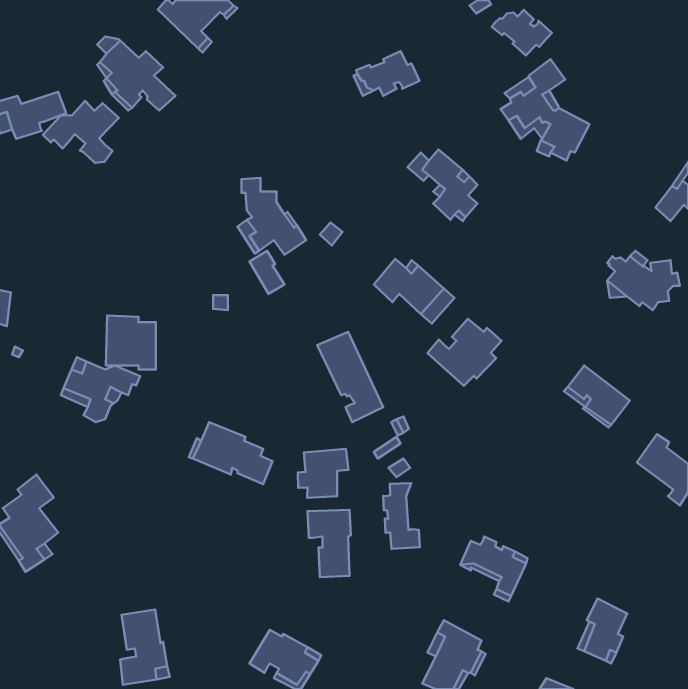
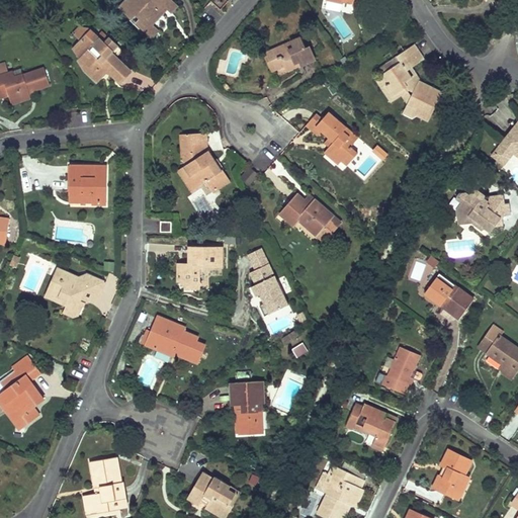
building: [492,10,552,55] -> none
building: [43,101,119,163] -> none
building: [106,316,156,369] -> [69,163,106,203]
building: [427,319,502,386] -> none
building: none -> [177,246,222,289]
building: [298,449,349,498] -> none
building: none -> [381,347,420,394]
building: [383,483,420,549] -> none

